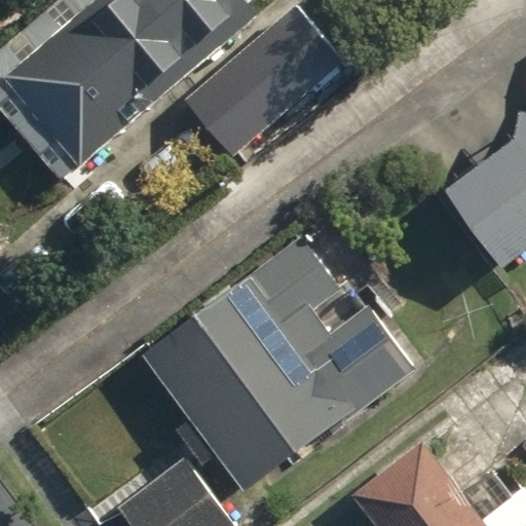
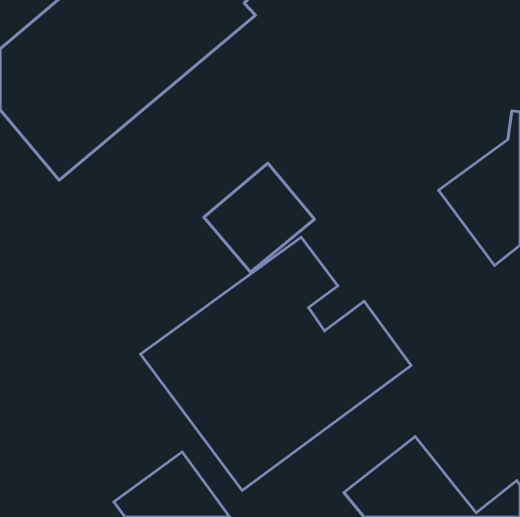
building: [185,44,297,154] -> [204,163,315,272]

